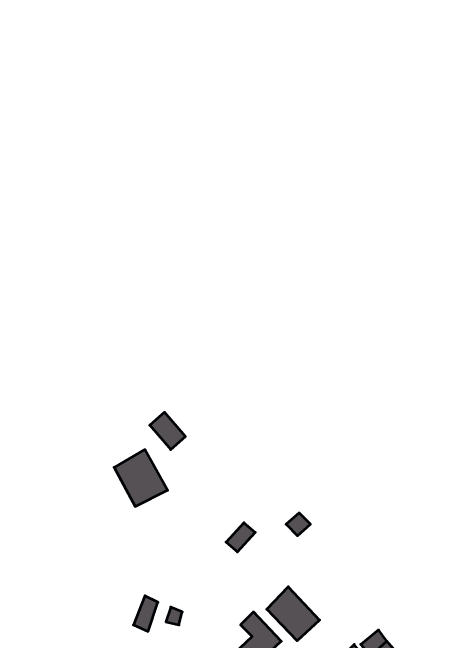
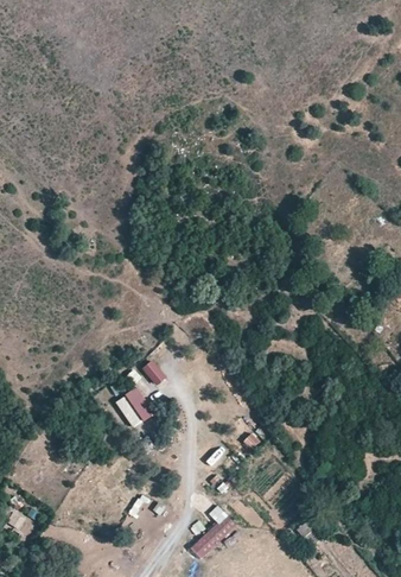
building: [267,587,320,641] -> none

